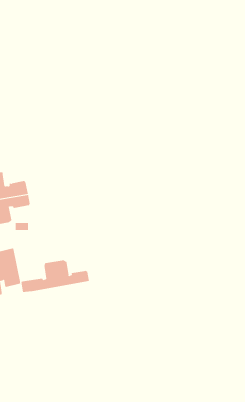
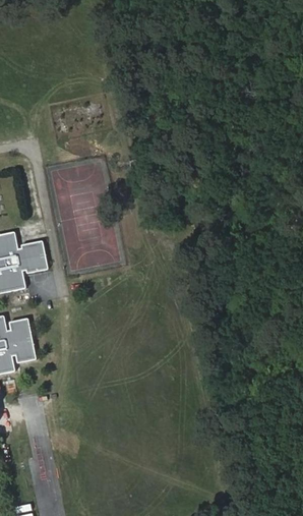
building: [21,260,89,293] -> none

